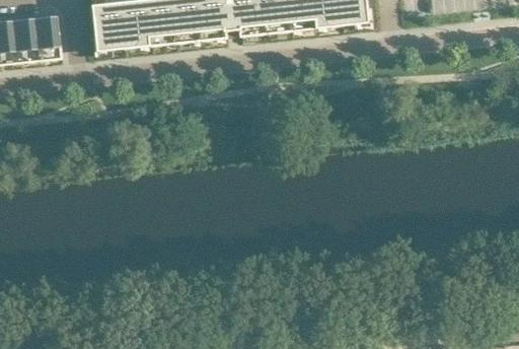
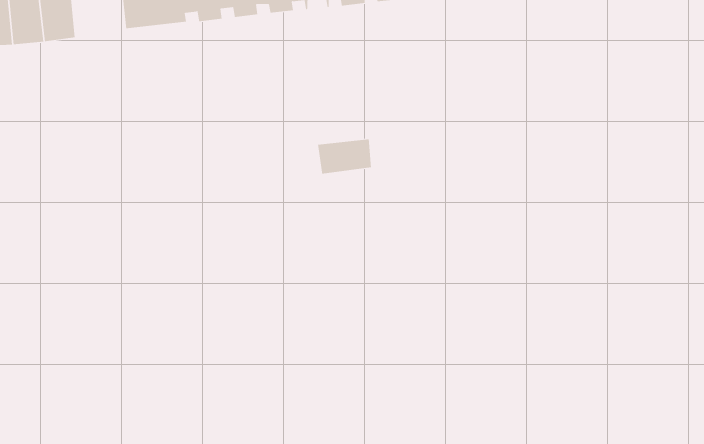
building: none -> [318,139,372,174]

